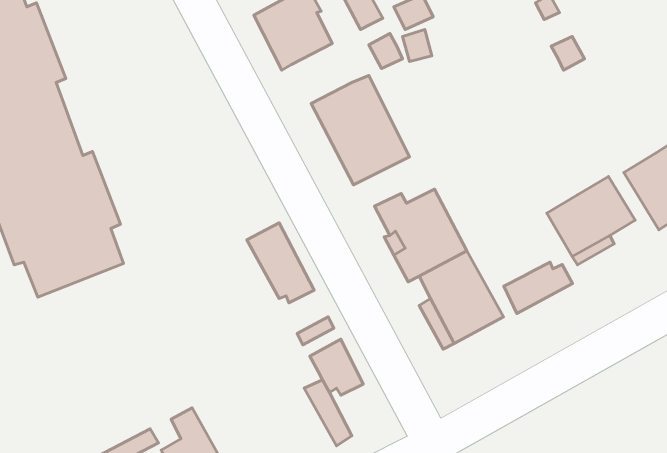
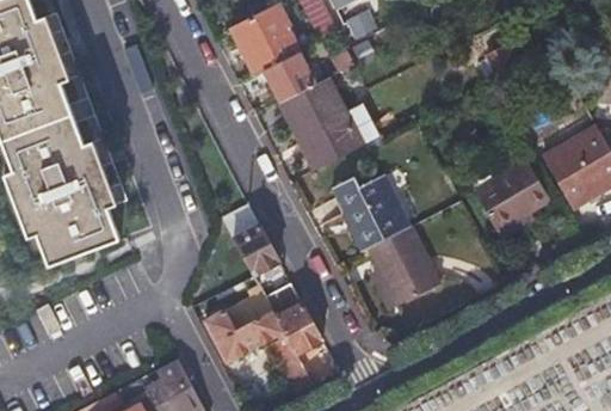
building: none -> [261,49,313,100]
building: [504,262,572,314] -> none
building: none -> [204,307,284,360]

